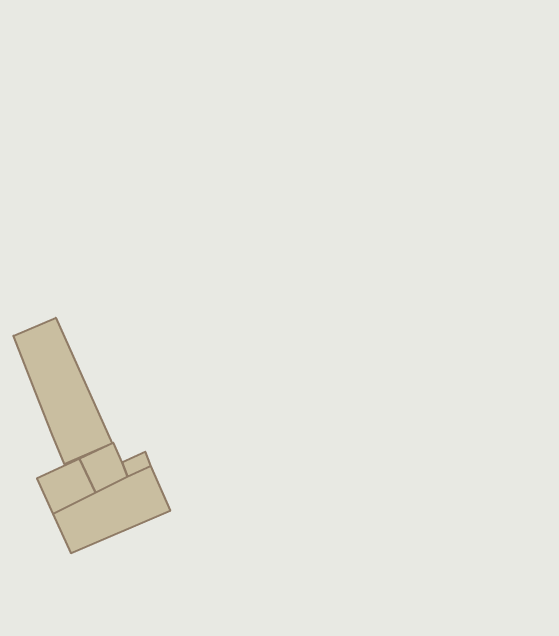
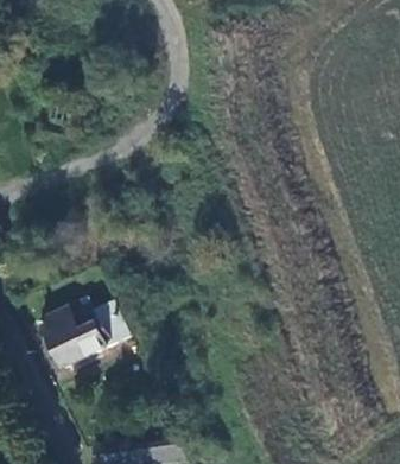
building: [13,318,112,464] -> none

